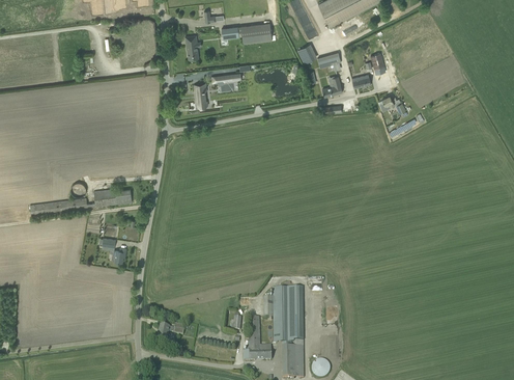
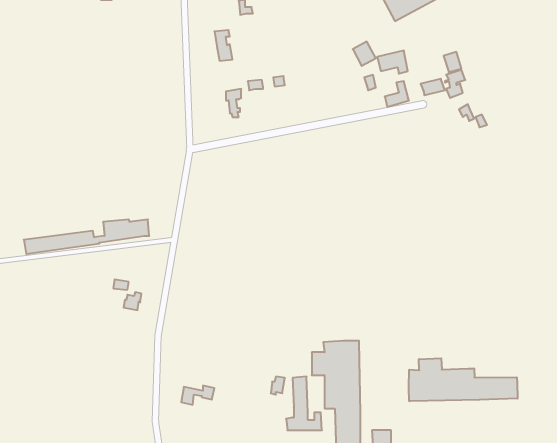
building: [221,22,272,43] -> none
building: none -> [409,358,518,401]

